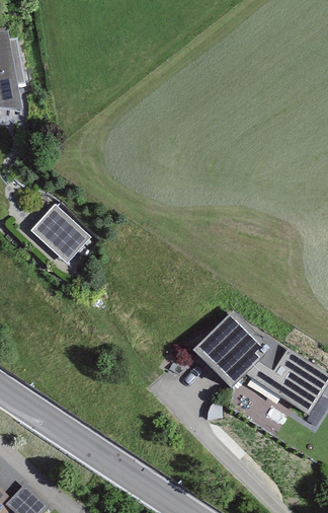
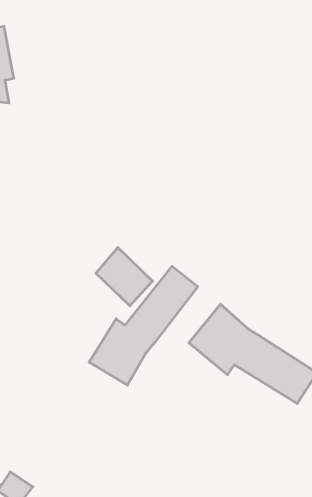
building: [29,202,87,262] -> [96,247,153,306]
building: none -> [89,266,198,385]

